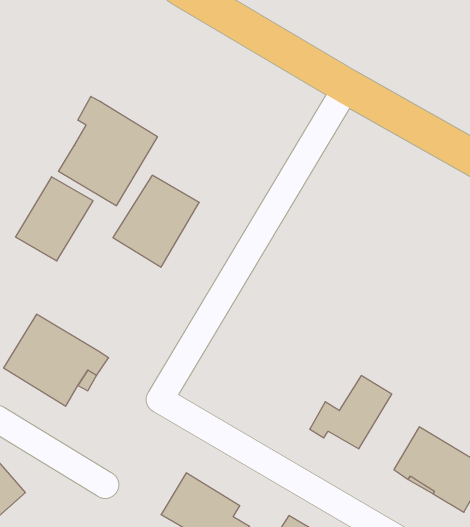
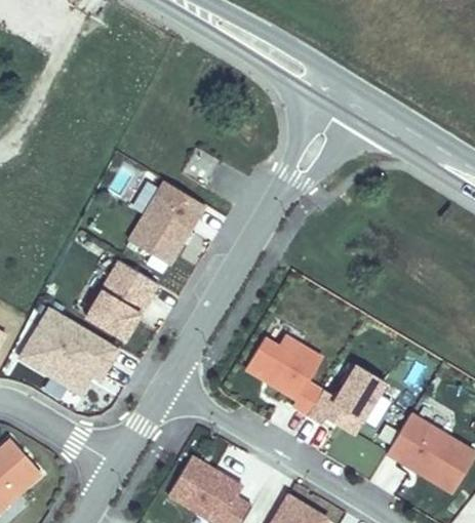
building: [58,96,157,206] -> none
building: [15,177,93,261] -> [85,260,158,339]
building: none -> [241,330,324,414]

